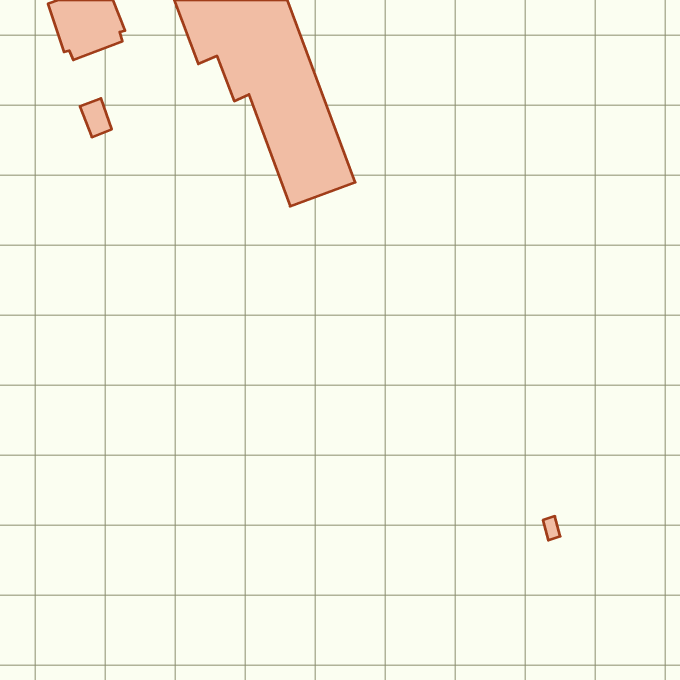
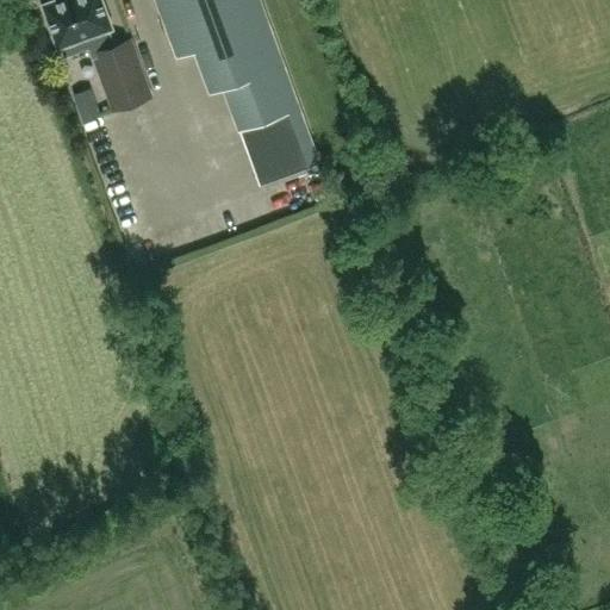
building: none -> [92,41,151,112]

